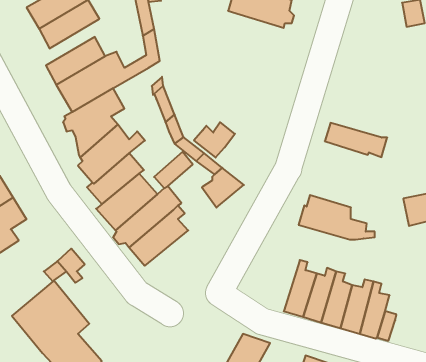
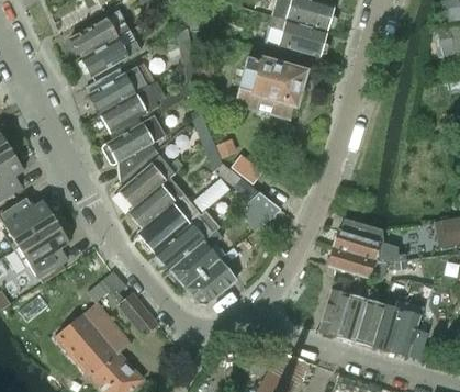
building: none -> [235,57,304,119]
building: [325,123,387,157] -> [327,247,388,280]
building: none -> [184,253,236,304]
building: none -> [117,292,159,336]

